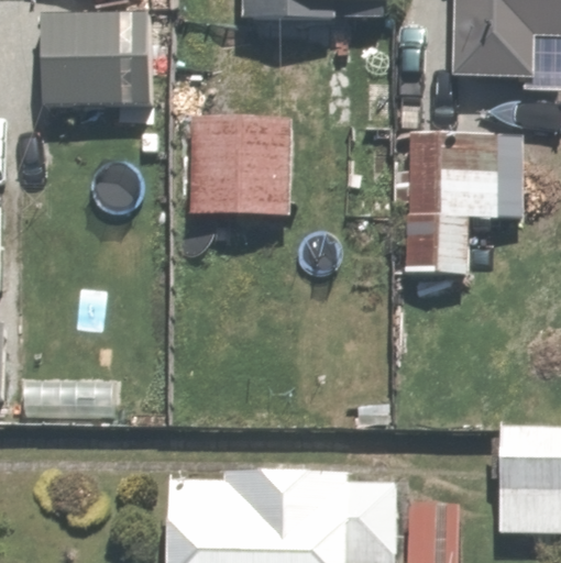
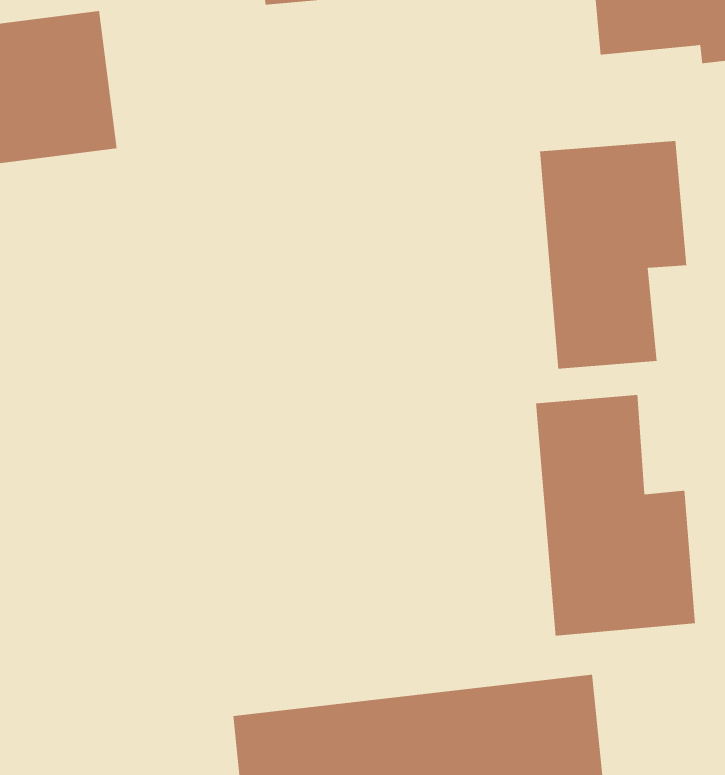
building: [190,118,297,216] -> none
building: none -> [536,394,695,637]

